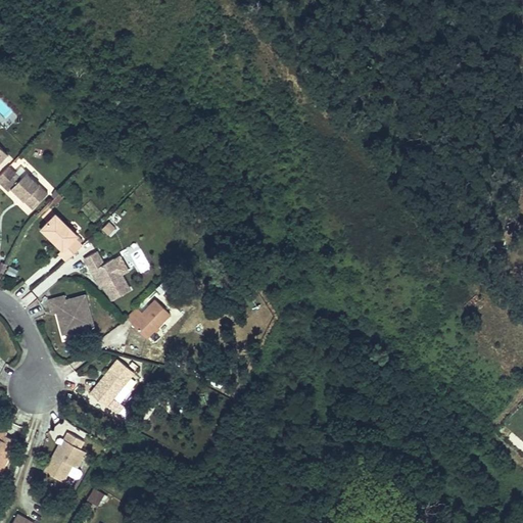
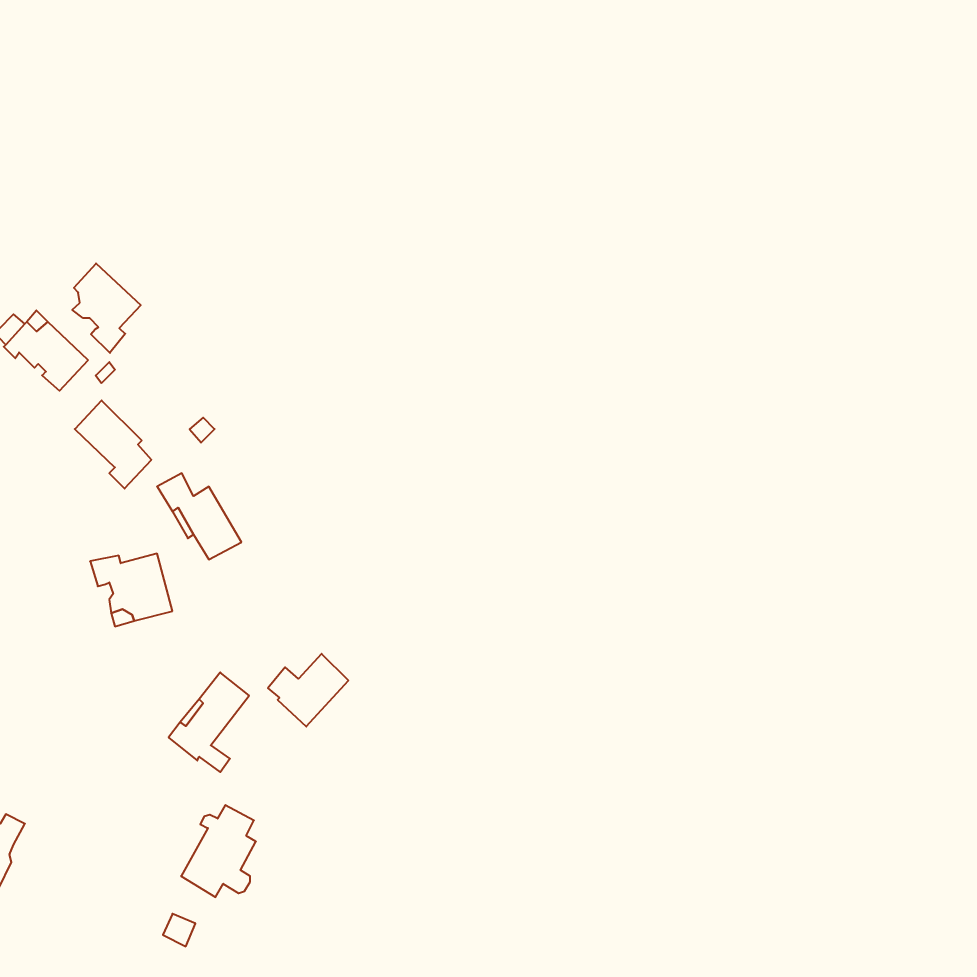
building: none -> [72,263,141,353]
building: [126,300,169,339] -> [268,654,348,727]
building: [44,433,84,482] -> [181,805,256,897]

